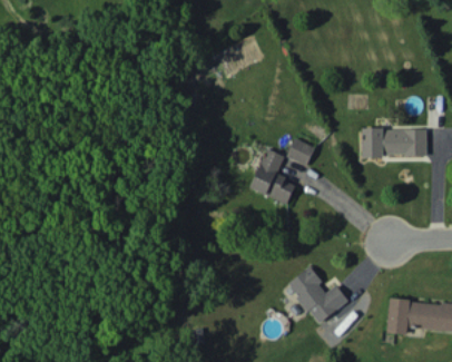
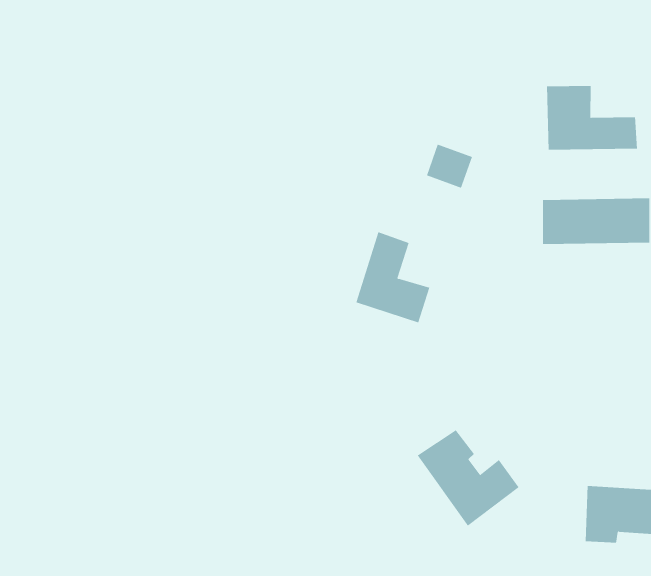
building: none -> [547,85,637,151]
building: [286,138,314,165] -> [426,144,473,189]

